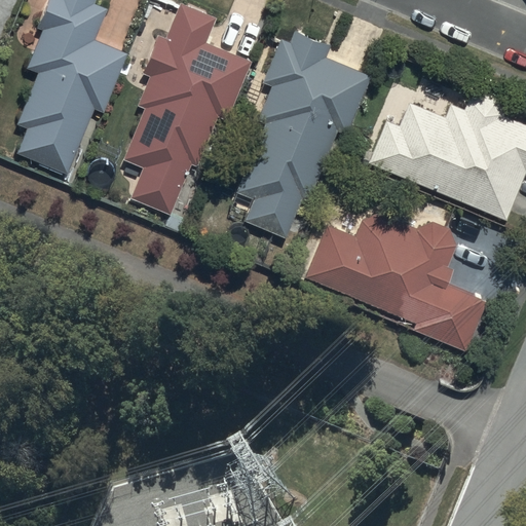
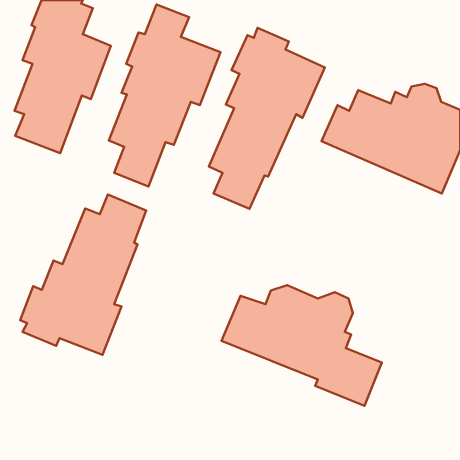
building: [304,214,487,351] -> [221,285,382,406]
building: none -> [20,195,146,355]

